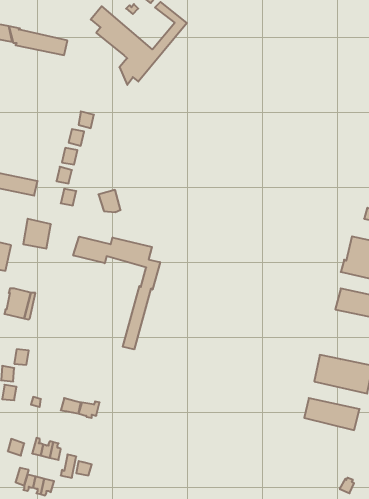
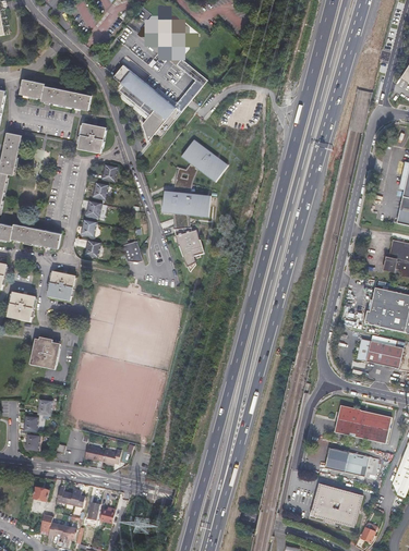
building: none -> [76,122,105,152]
building: none -> [164,137,228,270]
building: [73,237,160,349] -> none
building: none -> [310,482,362,526]

